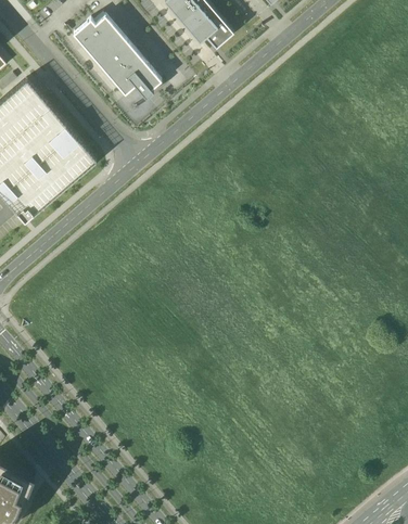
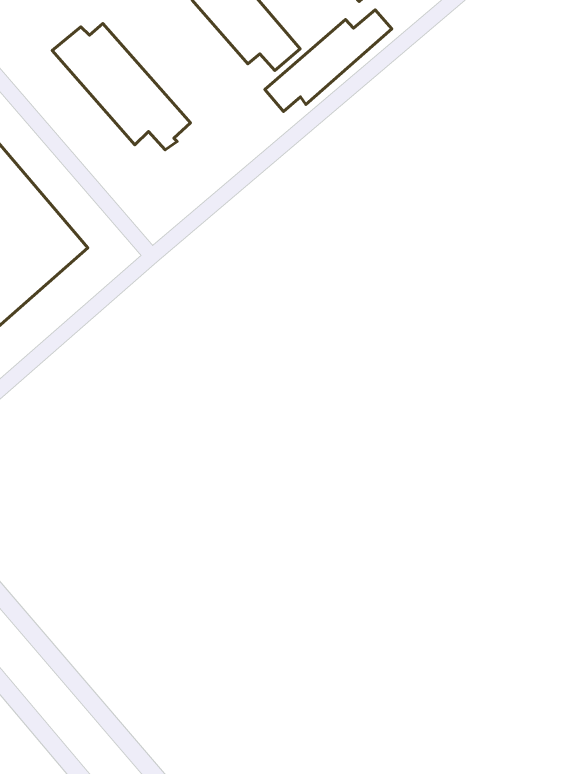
building: none -> [265,10,392,112]

